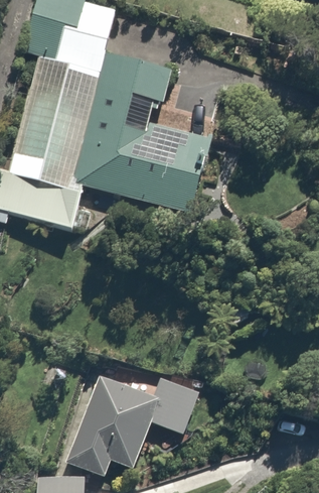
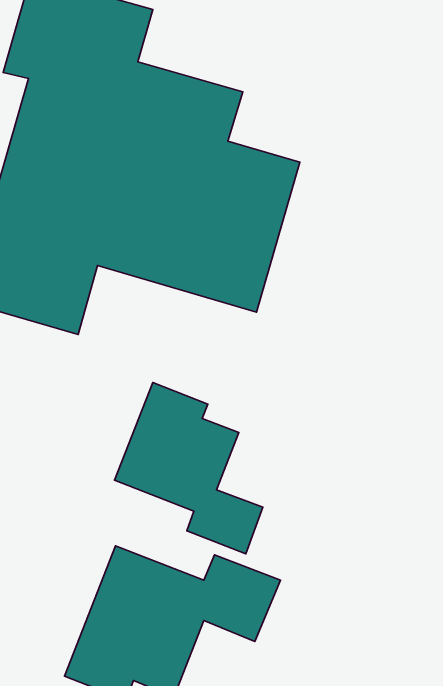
building: none -> [115,383,263,554]

